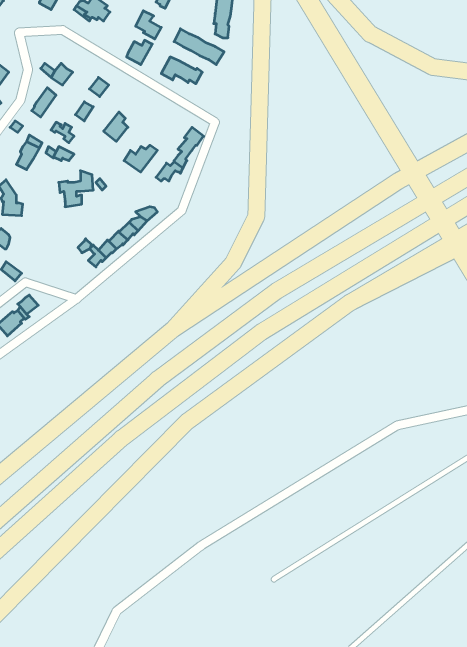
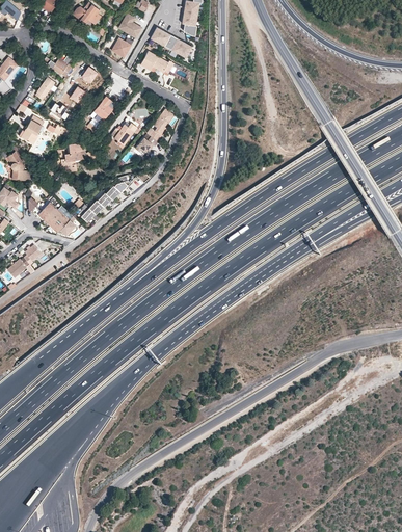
building: none -> [28,196,78,236]

